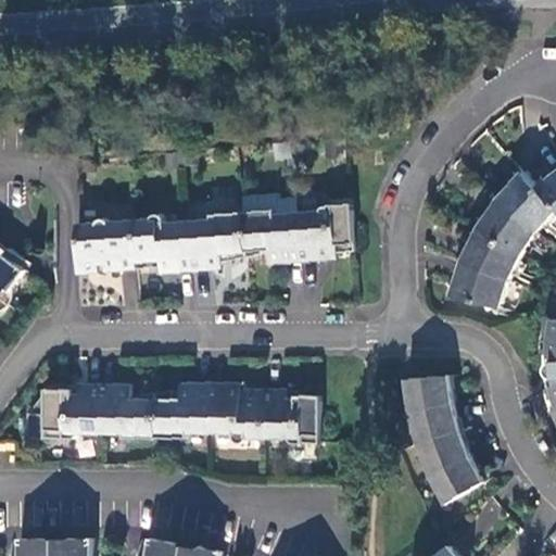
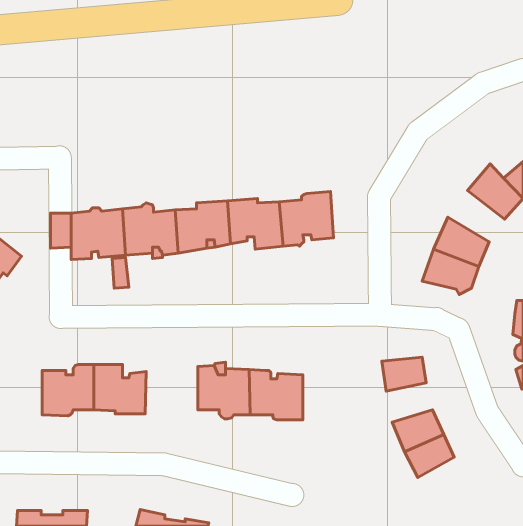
building: [472,201,532,255] -> none
building: [153,387,208,437] -> none
building: [407,404,456,445] -> none

